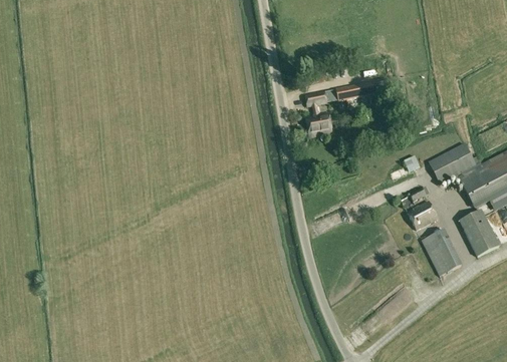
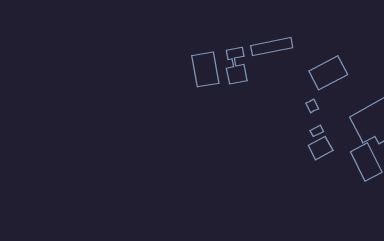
building: none -> [192,52,219,87]
building: [429,142,477,185] -> [309,56,348,90]
building: [423,230,462,276] -> none

